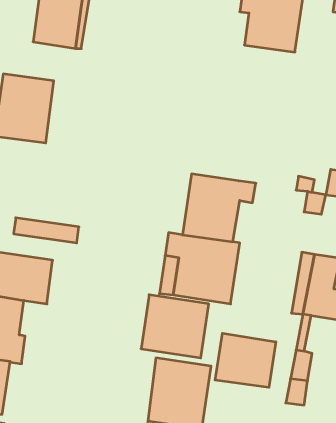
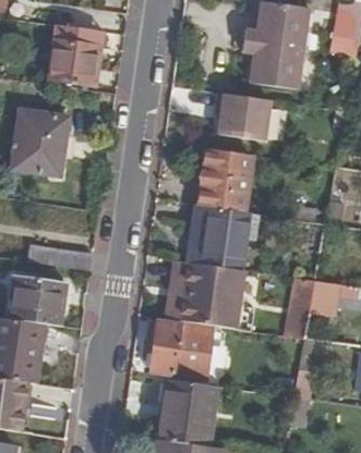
building: none -> [216,95,269,140]
building: none -> [198,150,251,211]
building: [215,333,276,387] -> none

